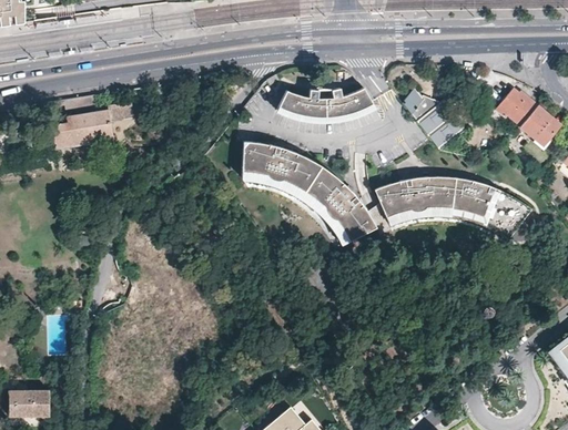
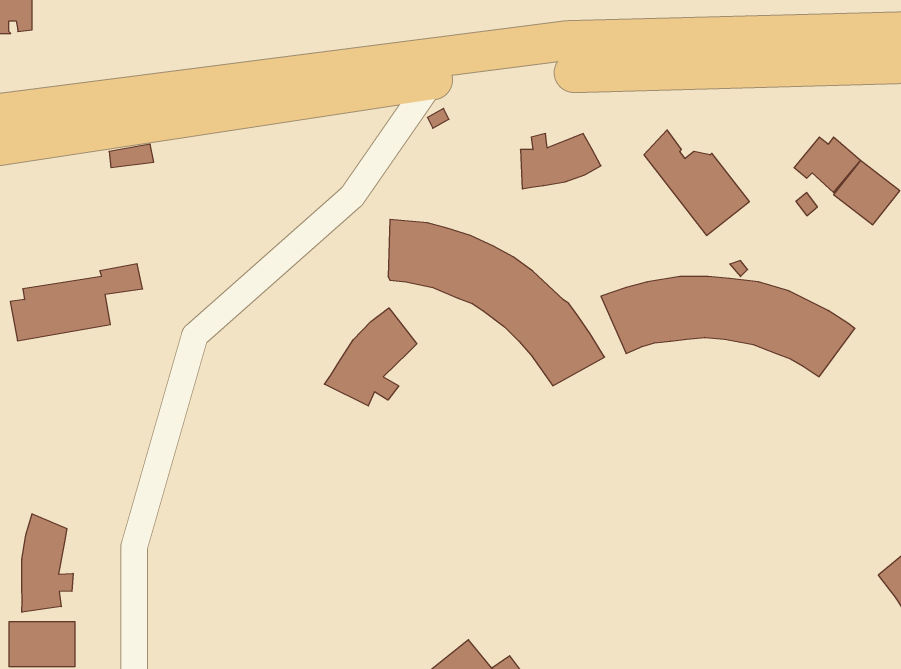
building: [276,90,326,123] -> none
building: [53,102,135,150] -> [10,264,143,341]
building: none -> [324,308,417,406]
building: none -> [22,514,73,612]

